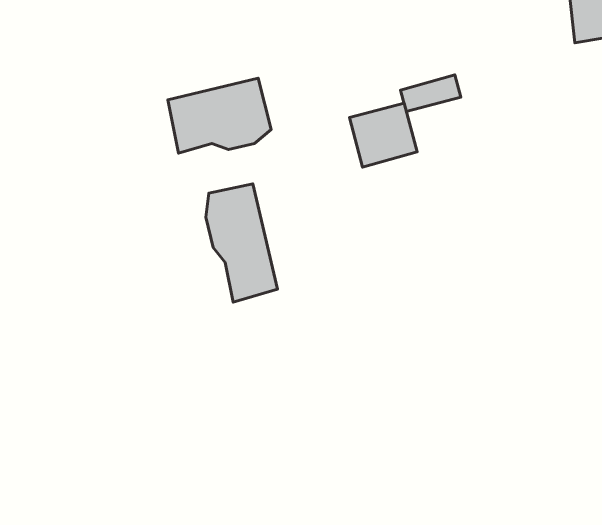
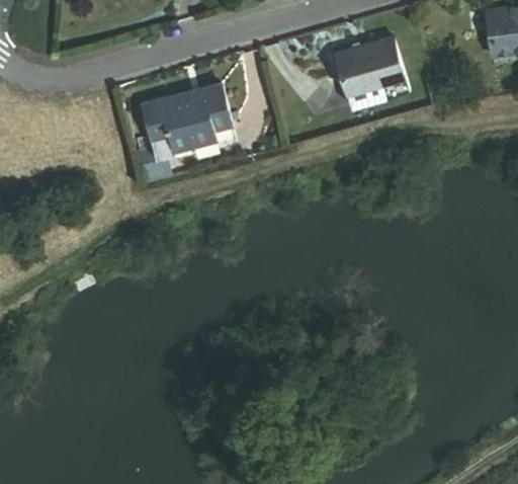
building: [349,103,417,167] -> [332,39,390,94]
building: [206,184,278,302] -> none

